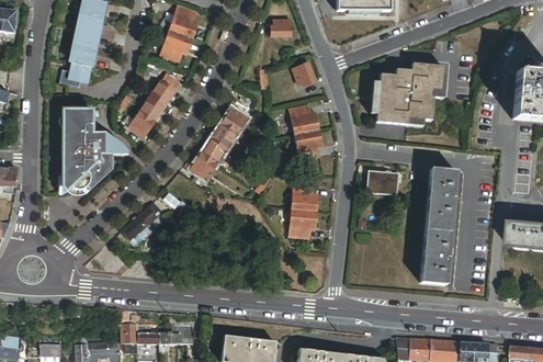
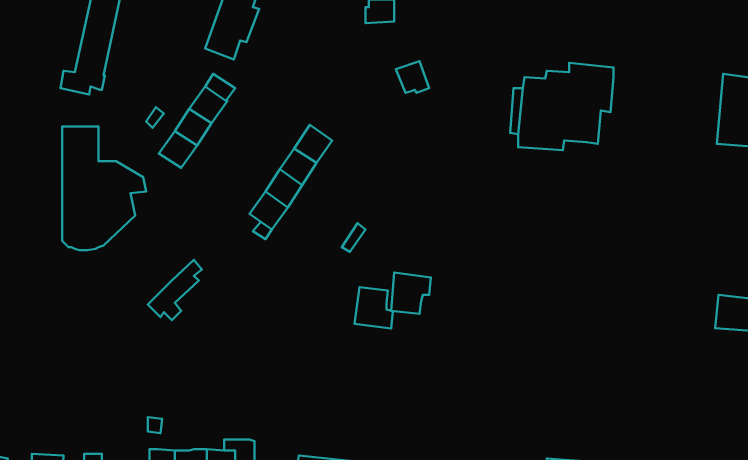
building: [289,104,321,160] -> none
building: [422,169,459,285] -> none
building: [369,171,400,195] -> none
building: [291,183,317,212] -> [355,287,393,329]

